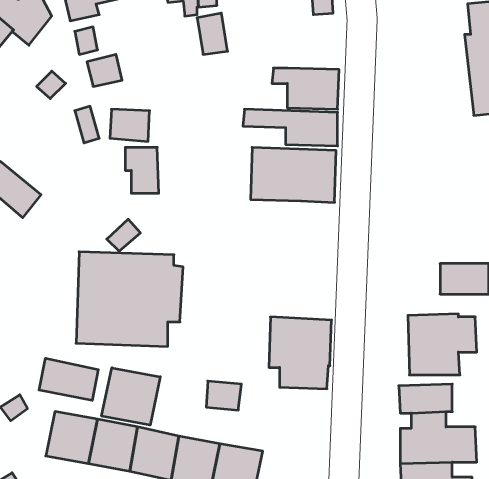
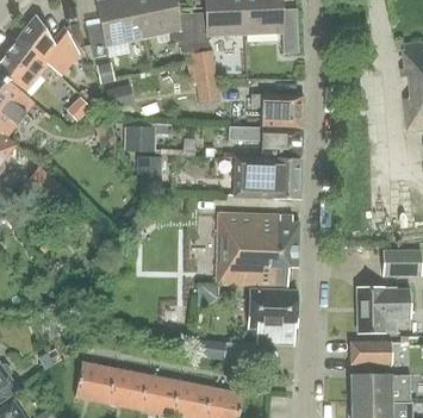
building: [76,252,183,346] -> [216,211,299,285]
building: [39,358,98,400] -> none
building: [102,368,160,425] -> none

